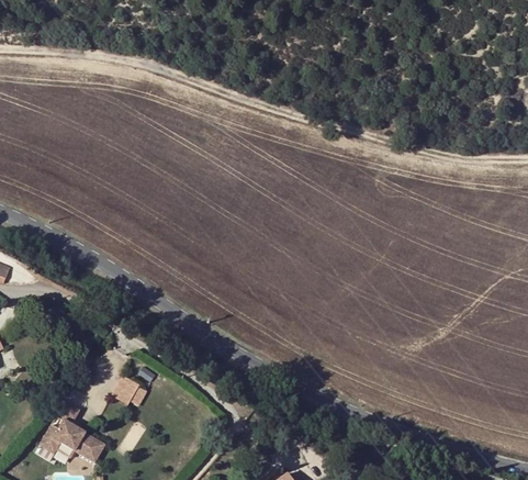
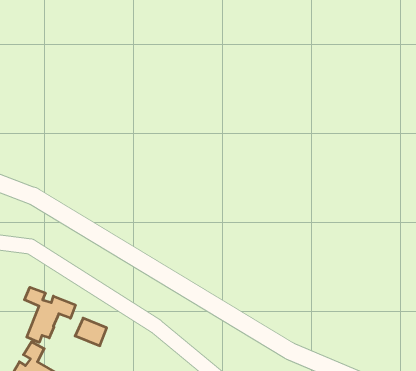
building: none -> [24,287,75,342]

